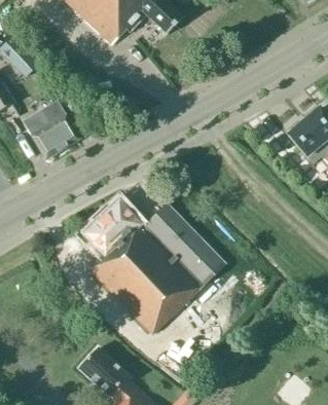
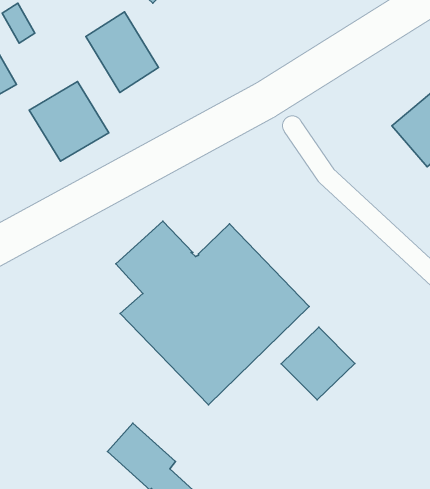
building: none -> [86,12,159,93]
building: none -> [281,327,355,400]

